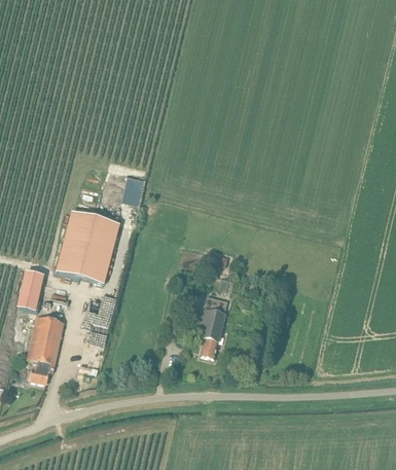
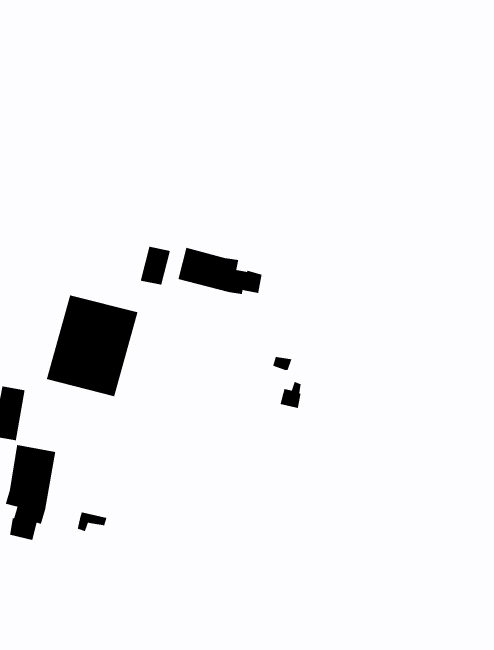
building: none -> [178,247,263,295]
building: [195,293,228,357] -> none

